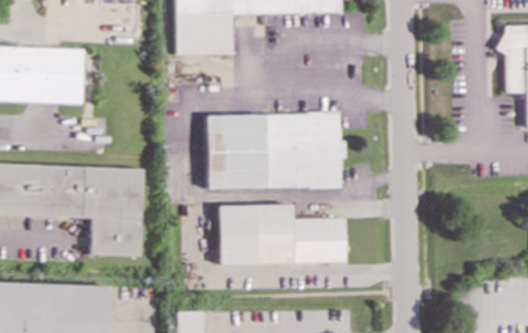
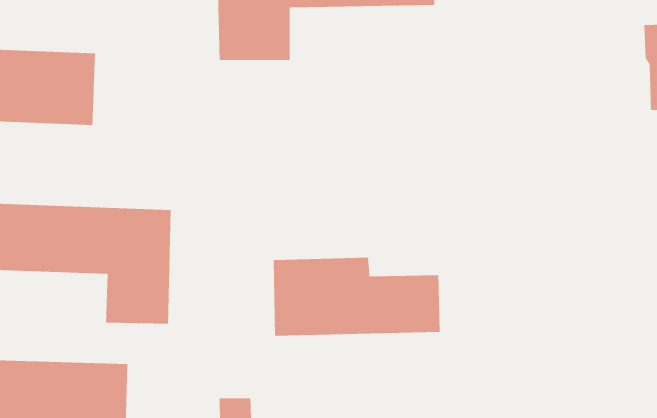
building: [206,112,342,190] -> none

